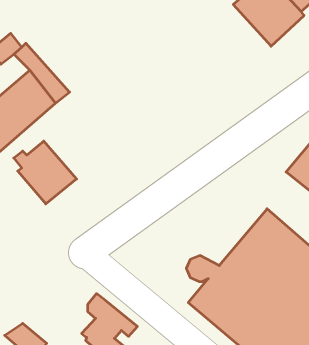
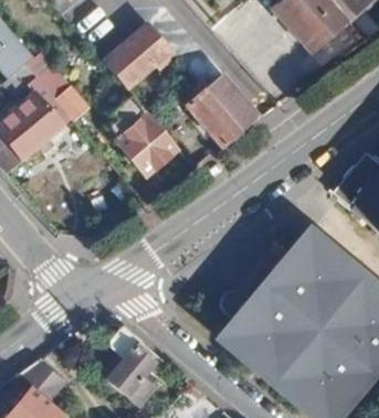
building: none -> [105,22,180,85]
building: none -> [183,74,265,148]
building: [14,141,77,204] -> [112,106,181,175]

